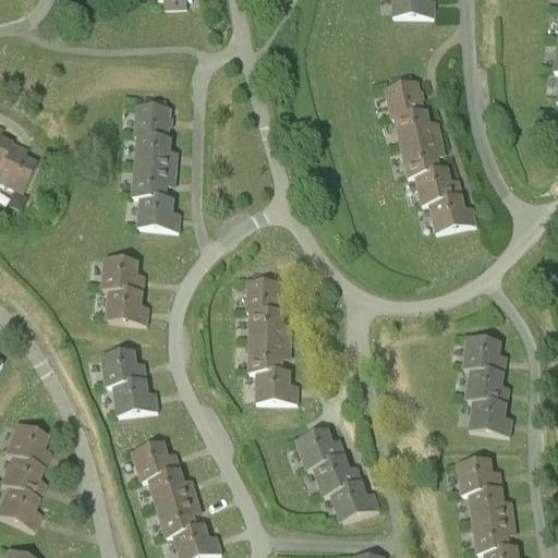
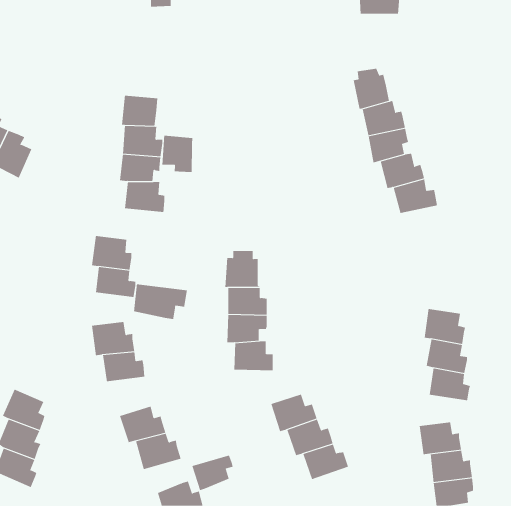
building: none -> [162,135,193,173]
building: none -> [133,284,187,320]
building: [156,499,202,538] -> [191,455,233,491]

